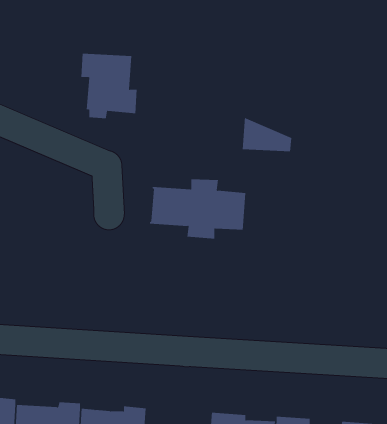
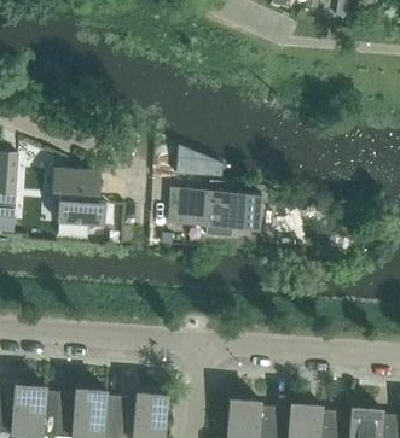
building: [81,53,137,119] -> [52,169,105,230]
building: [242,117,292,152] -> [175,145,222,177]

